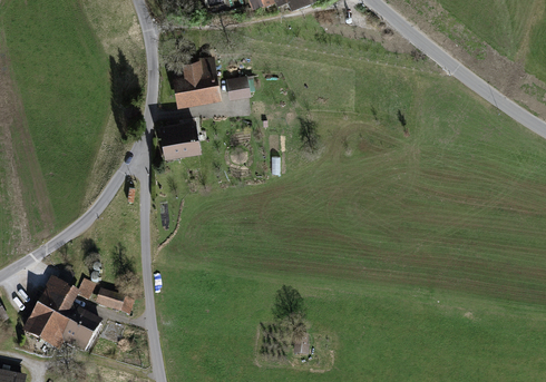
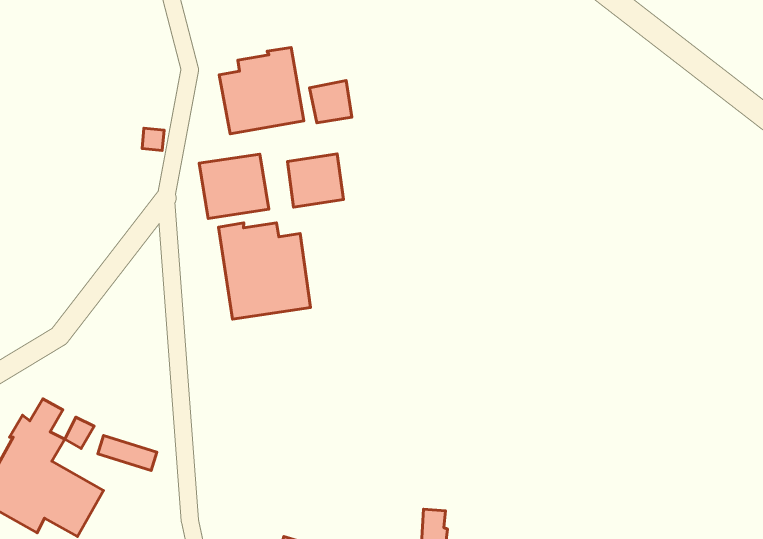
building: none -> [287,154,344,207]
building: none -> [219,223,311,319]

